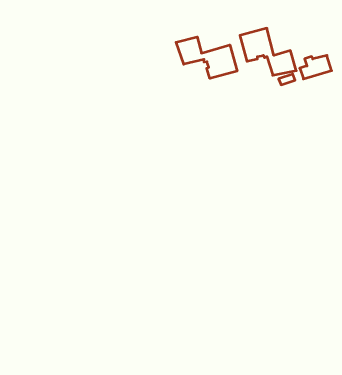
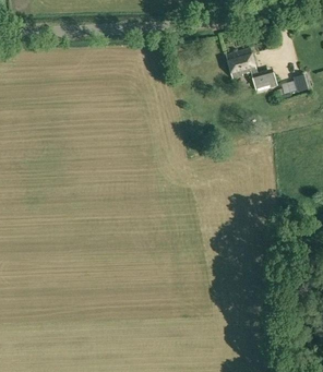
building: [176,37,237,78] -> none

